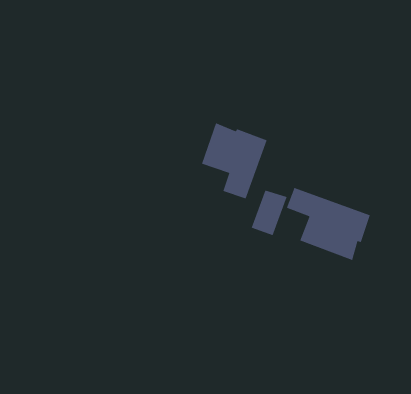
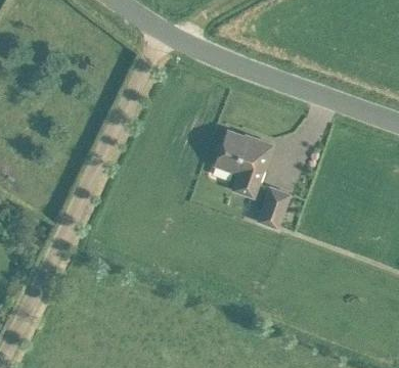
building: [286,187,370,261] -> none

